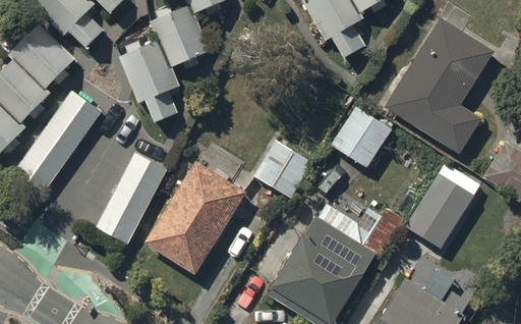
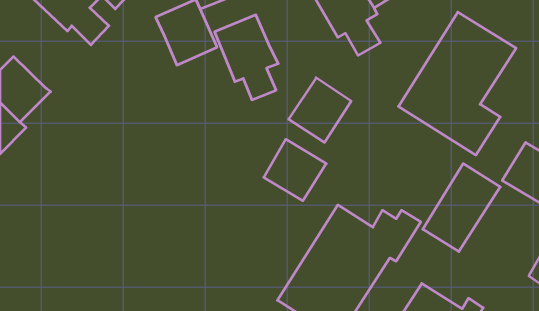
building: [8,22,75,90] -> none
building: [118,39,179,120] -> [215,15,278,100]
building: [13,89,103,193] -> none
building: [331,106,391,168] -> [289,78,351,142]
building: [96,152,168,244] -> none
building: [143,159,245,273] -> none

